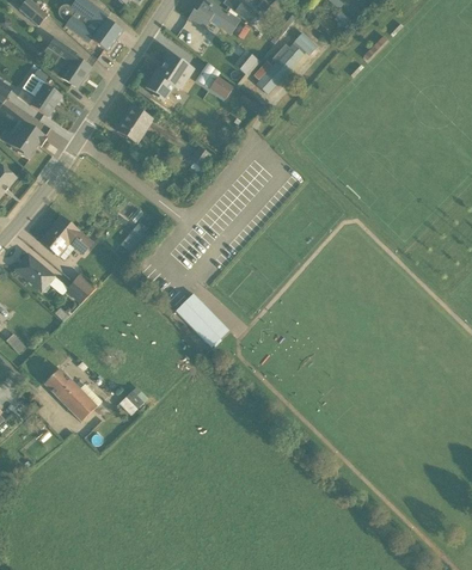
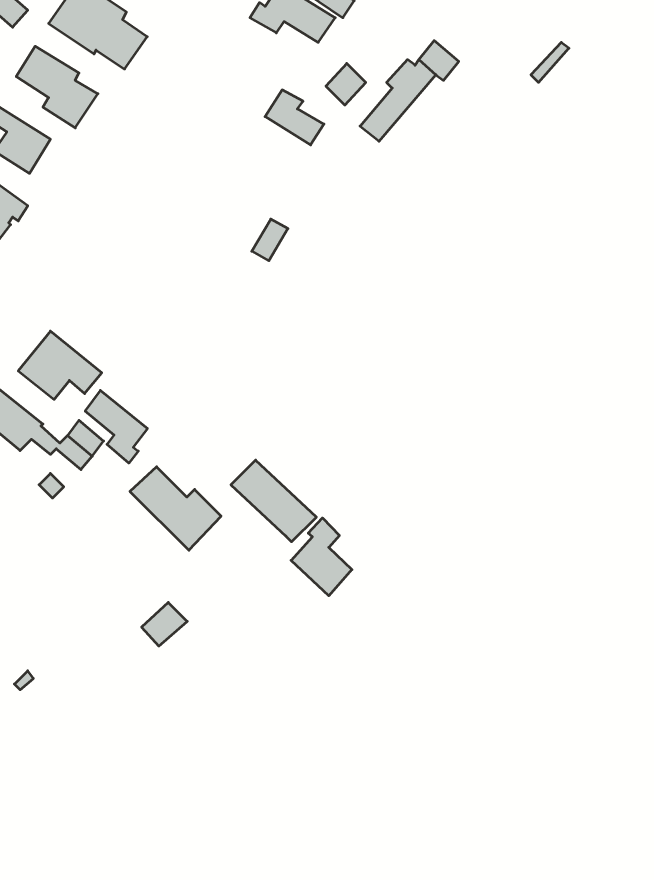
building: [143,53,194,102] -> none
building: [116,105,153,142] -> none
building: none -> [85,390,147,463]
building: none -> [291,518,352,596]
building: [43,368,100,421] -> [130,467,221,550]

